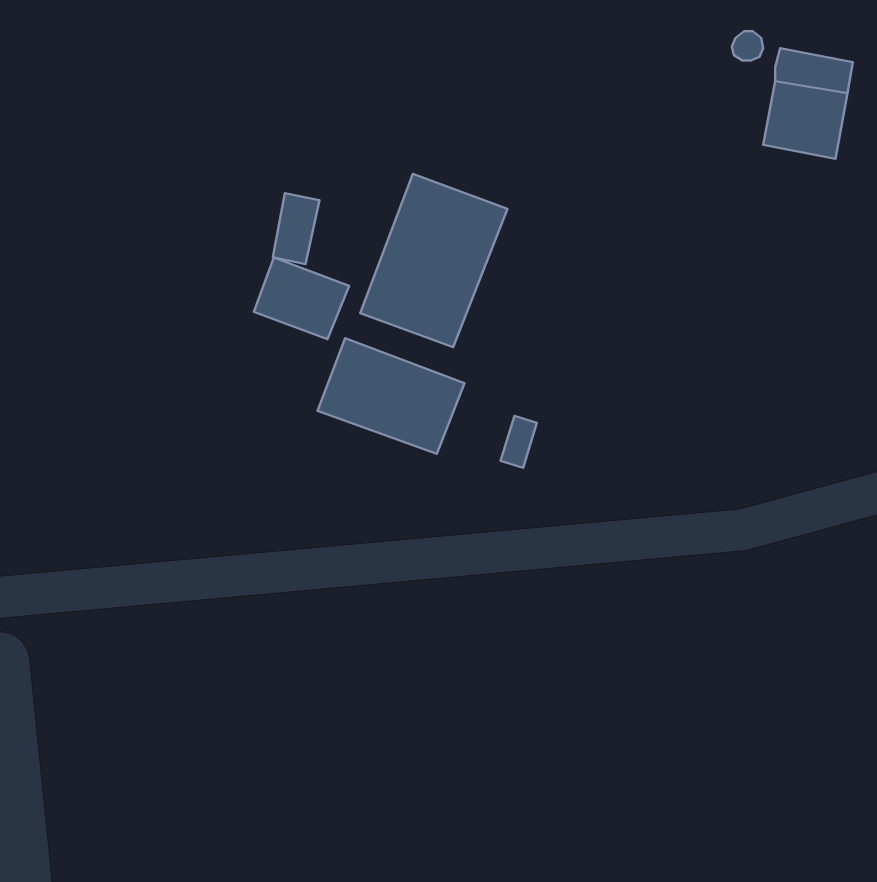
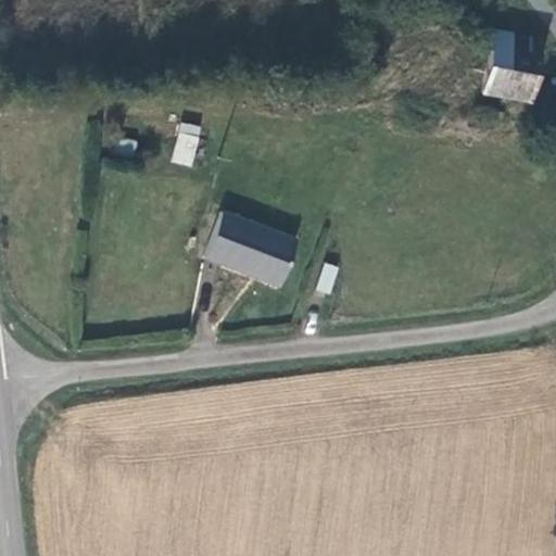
building: [360,174,507,347] -> none
building: [254,257,349,339] -> none

